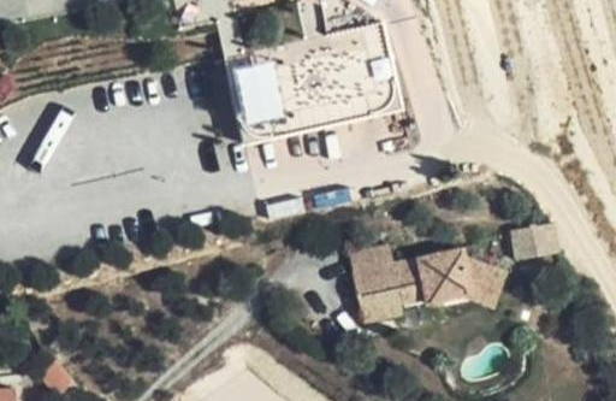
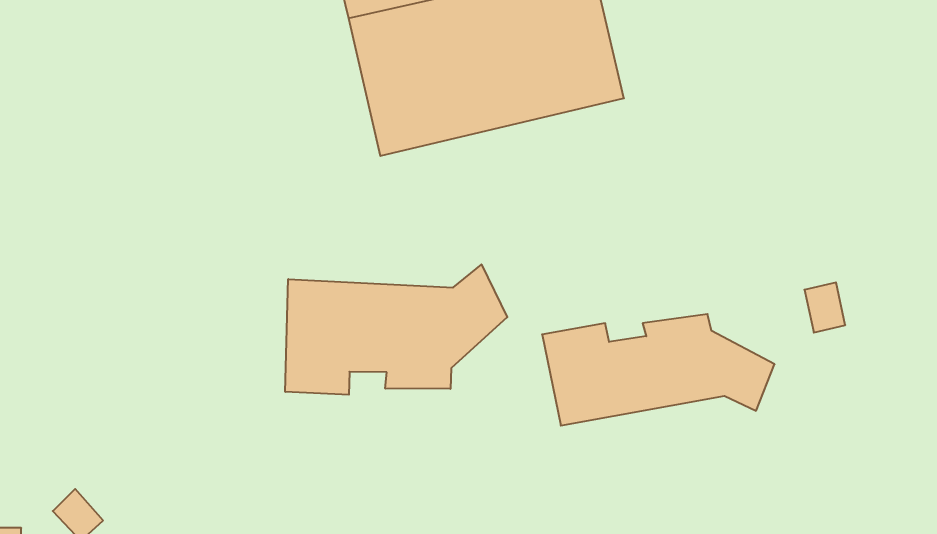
building: none -> [285,264,507,395]

